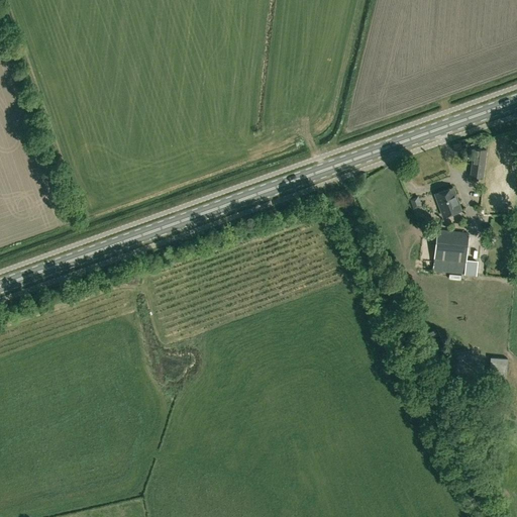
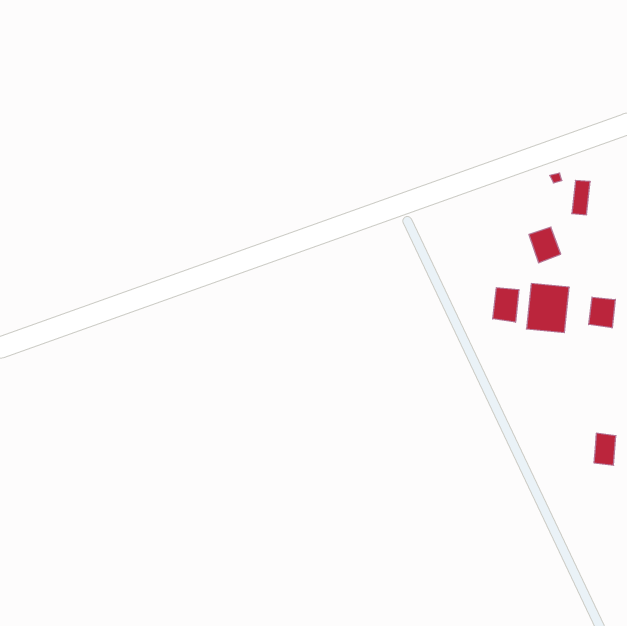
building: none -> [493,288,519,322]
building: none -> [589,297,615,328]

